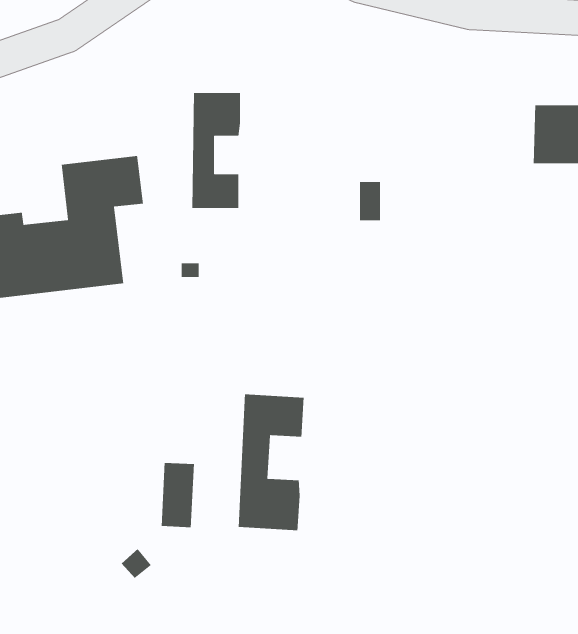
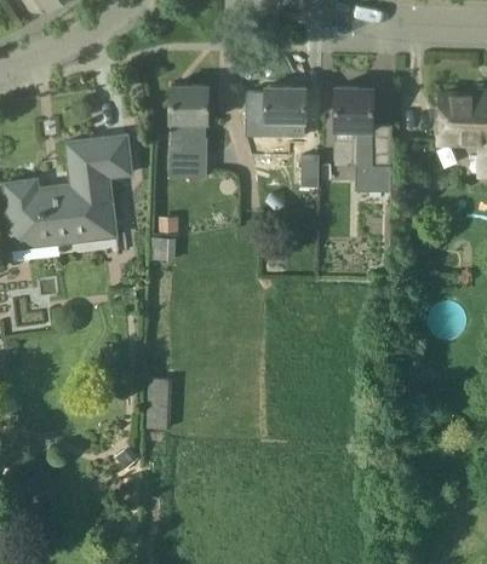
building: none -> [245,86,304,149]
building: none -> [334,87,391,191]
building: [238,394,305,531] -> none

